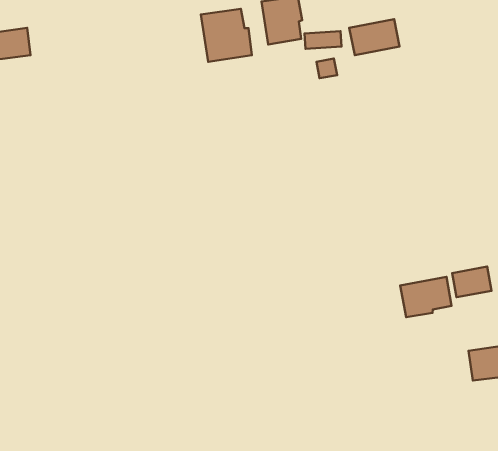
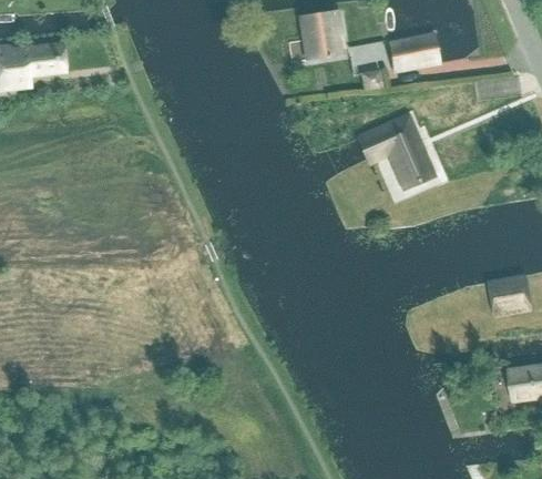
building: [201,9,252,62] -> none
building: none -> [358,114,432,186]
building: [400,277,452,317] -> none

